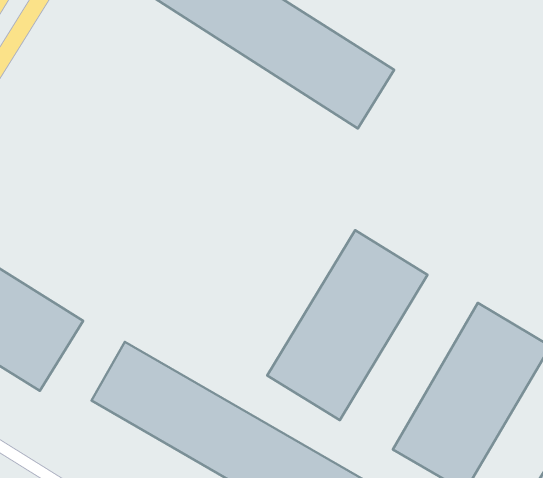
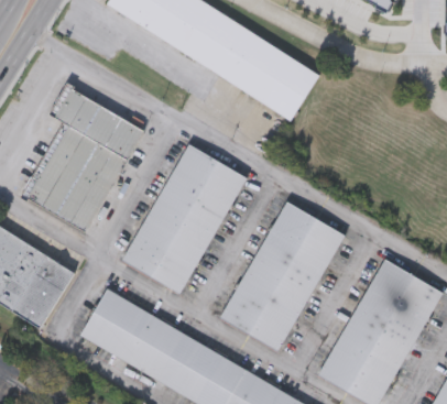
building: none -> [23,87,142,231]
building: none -> [121,144,247,294]

